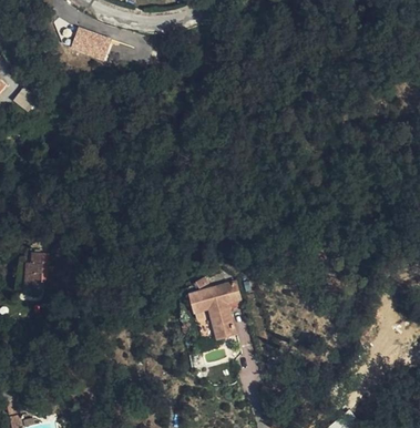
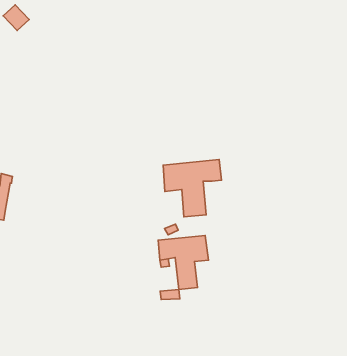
building: none -> [163,159,222,217]

